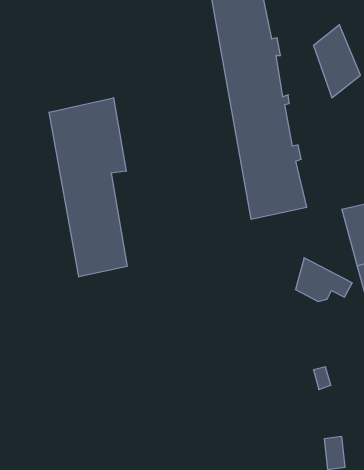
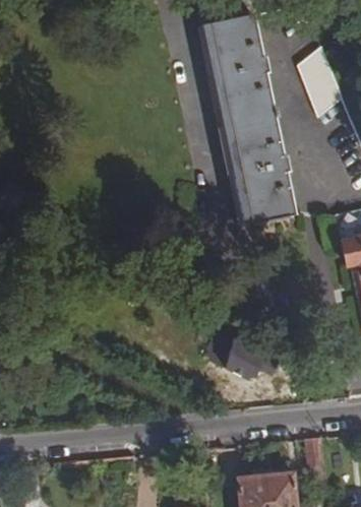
building: [49,98,127,277] -> none
building: [295,258,352,301] -> [230,340,283,381]

